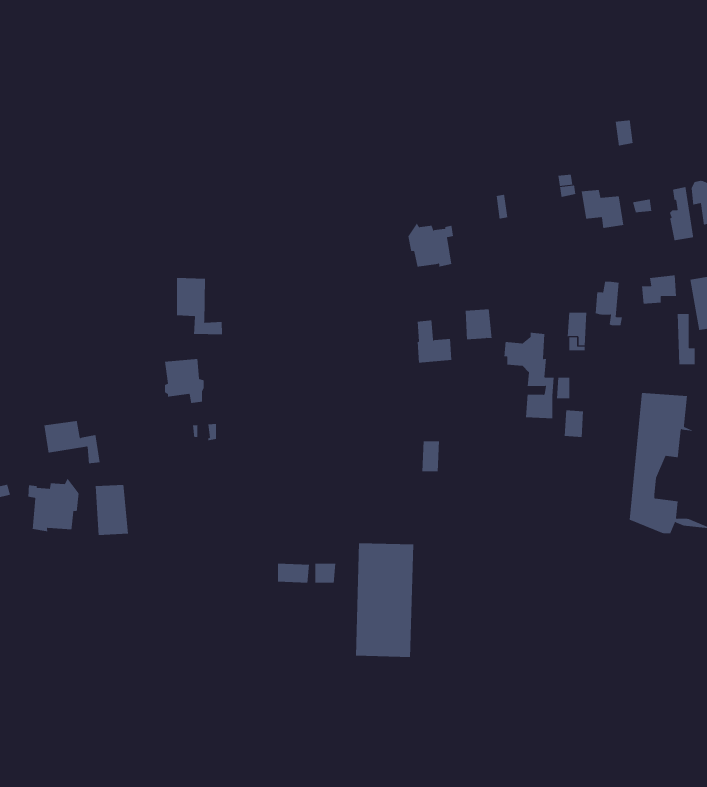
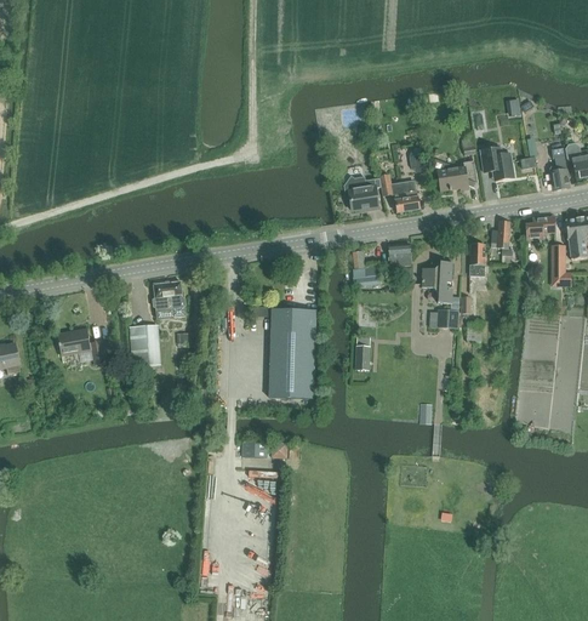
building: none -> [430,159,476,190]
building: none -> [379,176,419,212]
building: [177,277,222,335] -> none
building: [28,478,79,532] -> none
building: [95,484,129,536] -> [131,326,158,366]
building: [355,543,414,657] -> [268,309,314,399]

